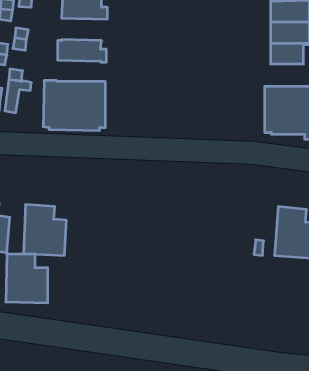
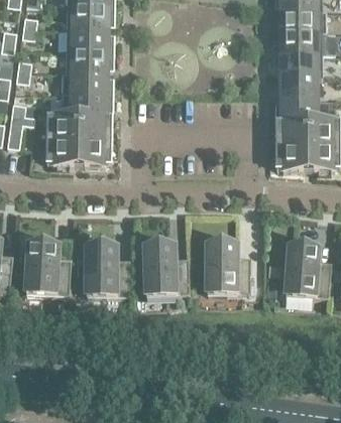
building: none -> [66,48,113,72]
building: none -> [61,92,106,114]
building: none -> [275,96,317,119]
building: none -> [207,241,250,291]
building: none -> [144,243,189,293]
building: [6,254,48,303] -> [86,244,129,294]

